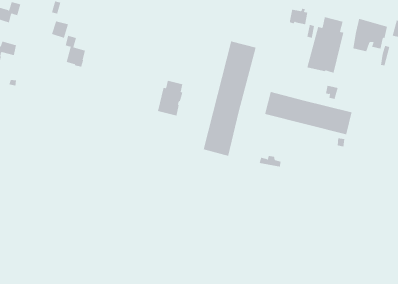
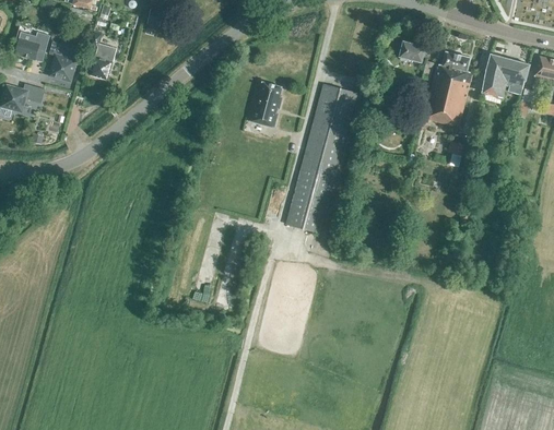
building: [65,35,86,67] -> [48,40,75,82]
building: [157,80,183,116] -> [247,81,281,128]
building: [265,91,352,135] -> none

